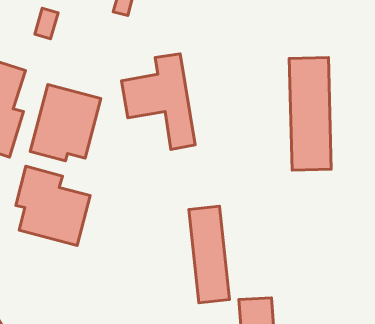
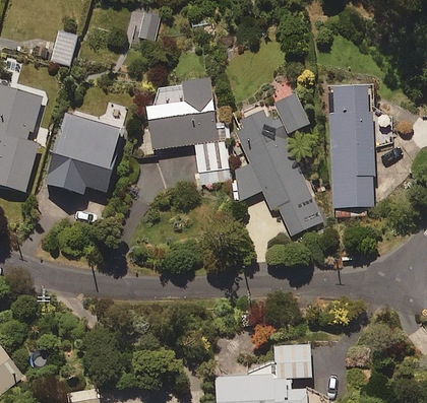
building: none -> [230,95,320,233]
building: [16,166,90,245] -> none
building: [189,206,230,303] -> none

